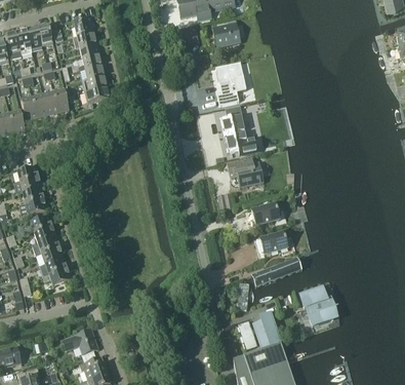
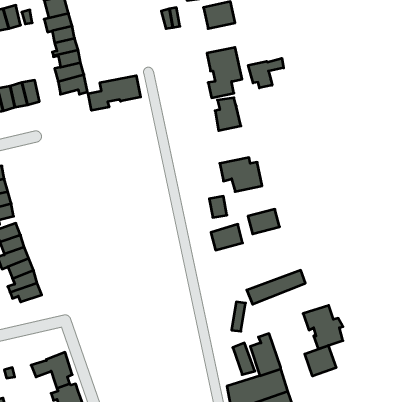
building: none -> [248,58,284,88]
building: none -> [88,76,141,110]
building: [226,129,257,153] -> none
building: [259,230,287,253] -> [211,224,243,250]
building: none -> [305,345,336,376]

